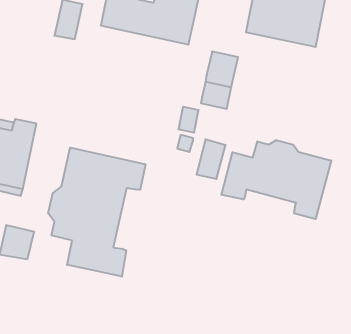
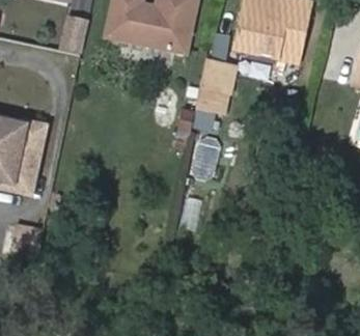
building: [221,140,331,219] -> none
building: [48,148,146,277] -> none

